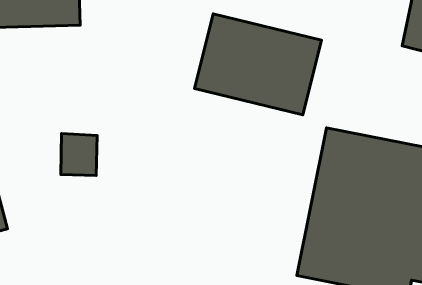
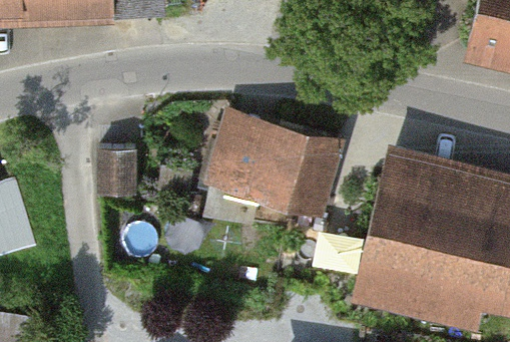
building: [195,14,321,115] -> [205,109,342,218]

